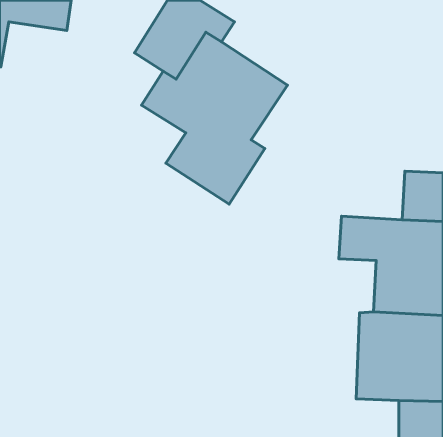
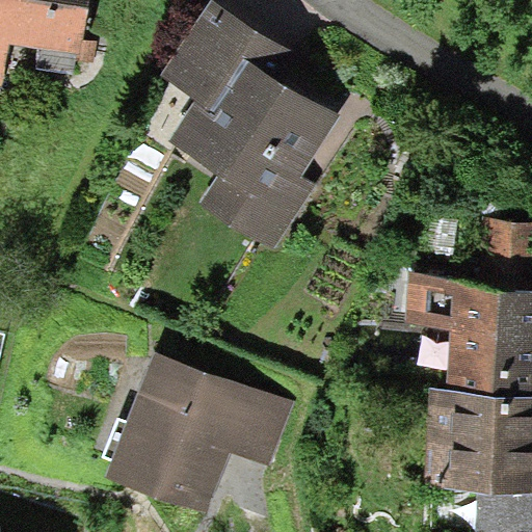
building: none -> [110,363,293,520]

